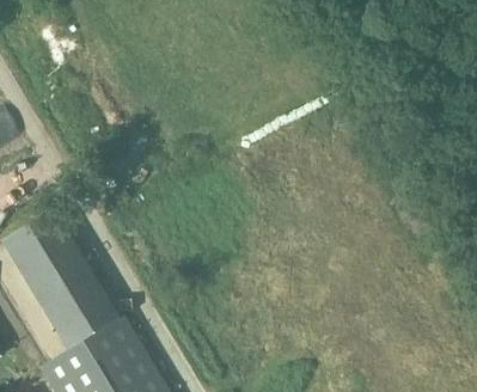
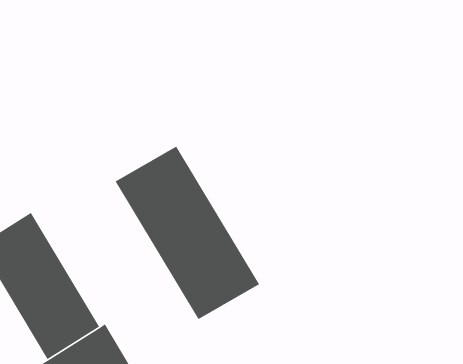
building: none -> [114,146,260,320]

